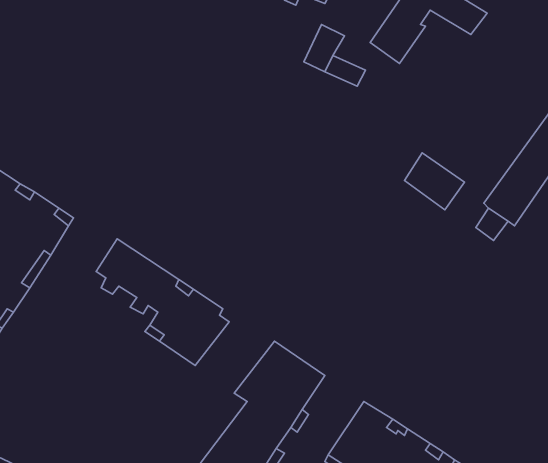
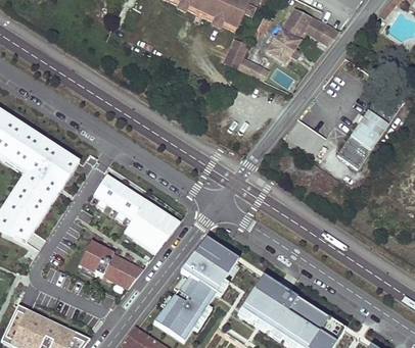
building: none -> [79,241,143,288]

